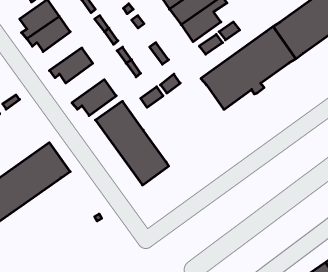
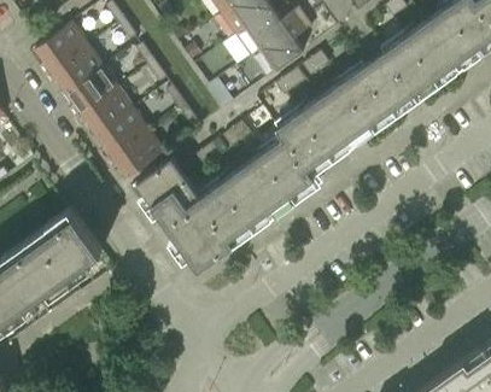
building: none -> [68,65,119,117]
building: none -> [98,107,150,160]
building: none -> [201,136,316,239]

